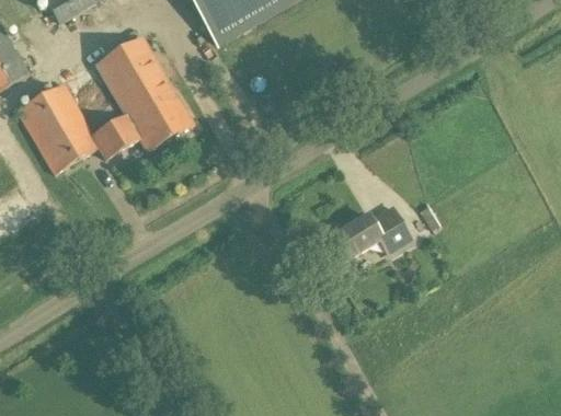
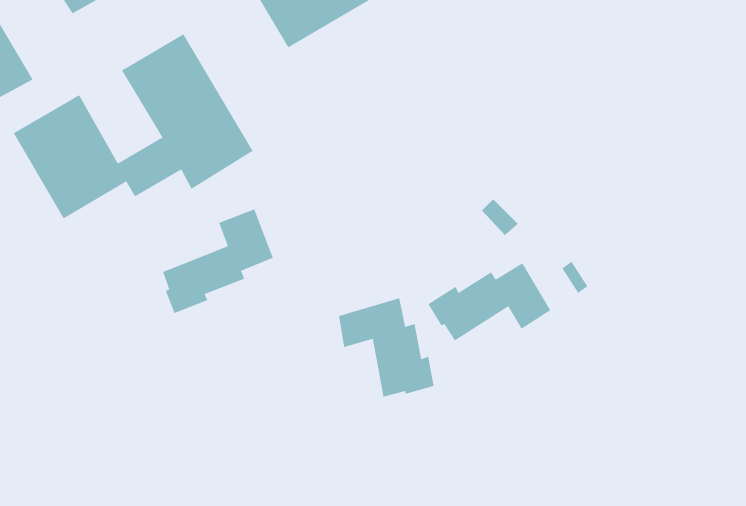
building: none -> [163,209,273,314]
building: none -> [338,298,434,397]

